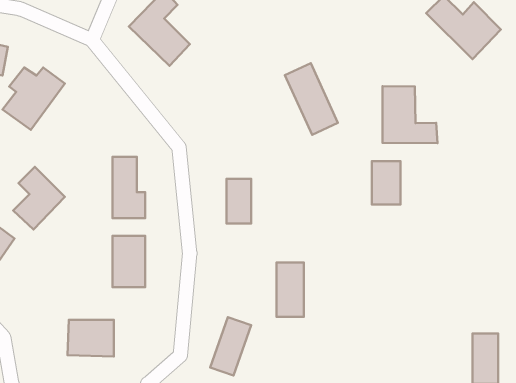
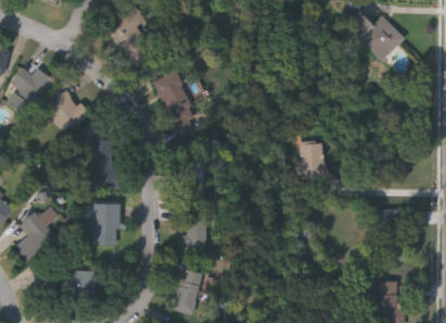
building: [285,63,338,135] -> [154,70,196,127]
building: [383,86,437,143] -> none
building: none -> [44,90,89,133]
building: [13,167,65,229] -> [14,211,55,261]
building: [277,262,304,317] -> [183,208,205,251]

